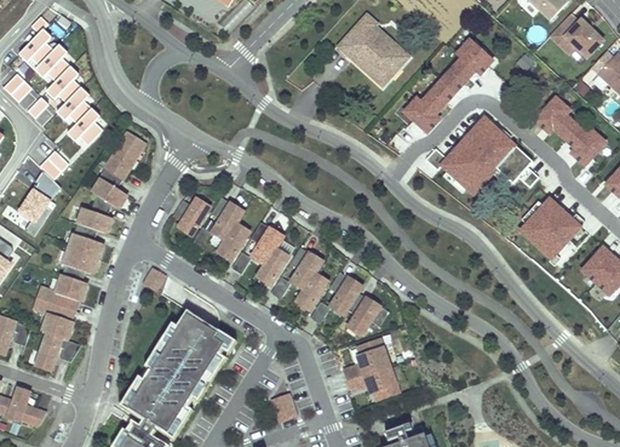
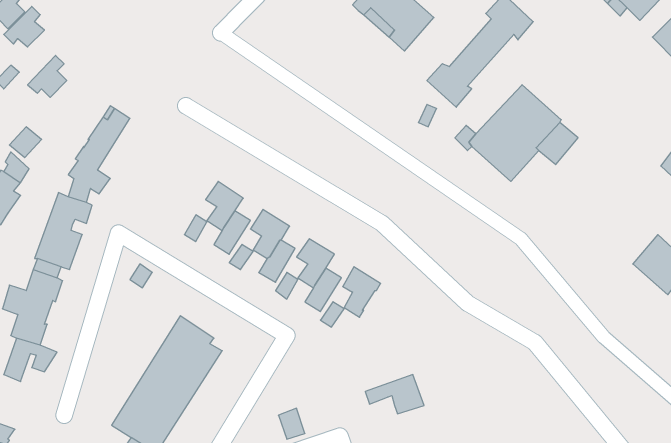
building: [45,68,80,103] -> none
building: [532,96,607,167] -> none
building: [67,110,101,147] -> none
building: [517,195,582,262] -> none
building: [172,197,209,235] -> none
building: [345,292,388,334] -> none
building: [344,339,389,379] -> none

